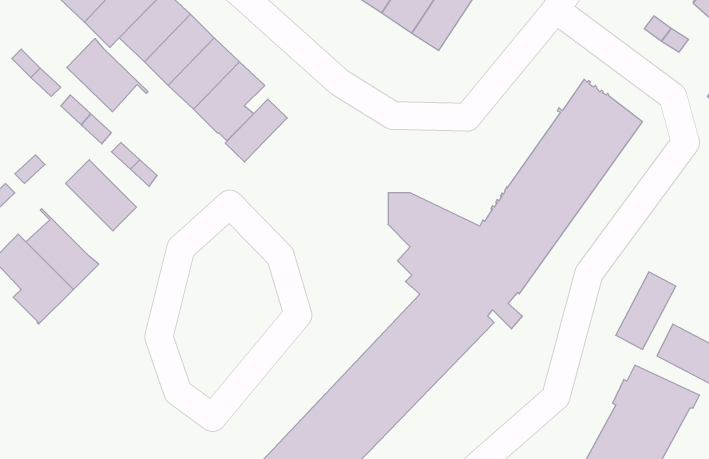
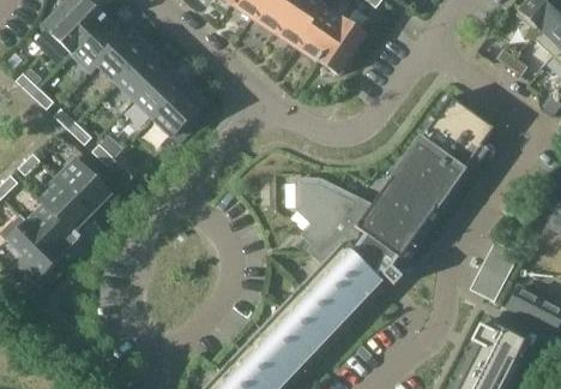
building: [67,39,148,112] -> none
building: [225,99,287,162] -> none
building: none -> [38,175,92,231]

